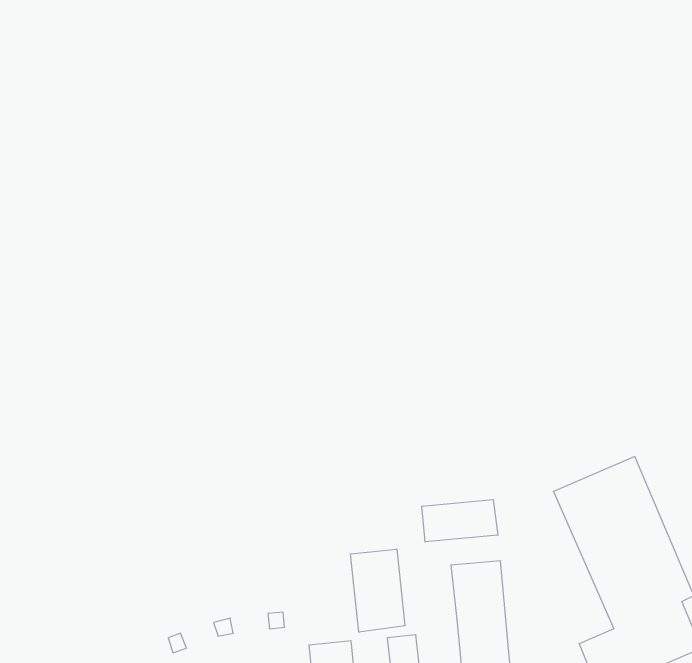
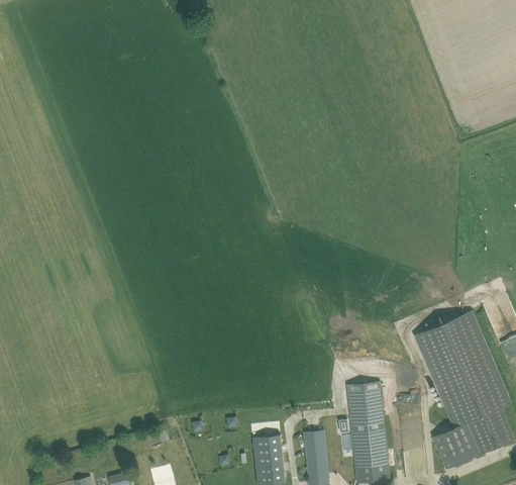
building: [422,500,498,542] -> none
building: [350,549,405,632] -> none

